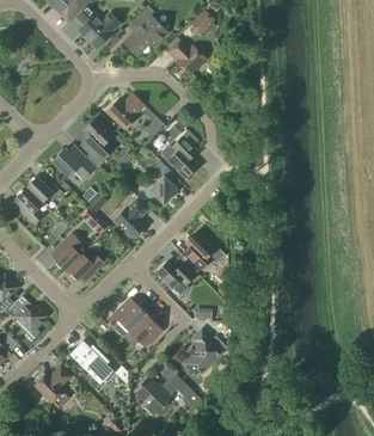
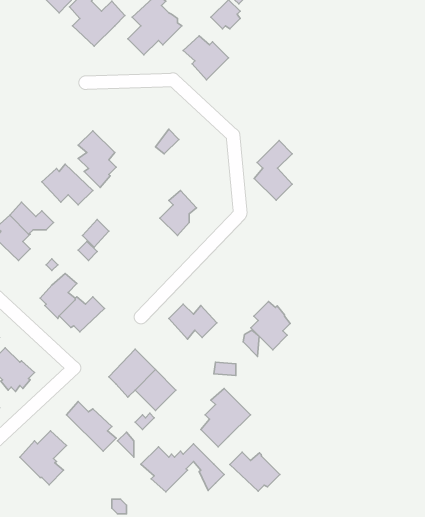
building: [106,93,146,129] -> none
building: [167,130,198,179] -> [254,141,292,200]
building: [112,197,149,240] -> none
building: [183,232,215,271] -> [251,302,290,350]
building: none -> [230,452,280,491]

